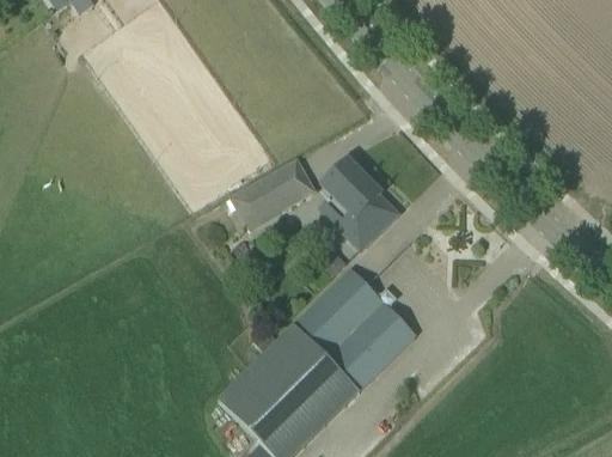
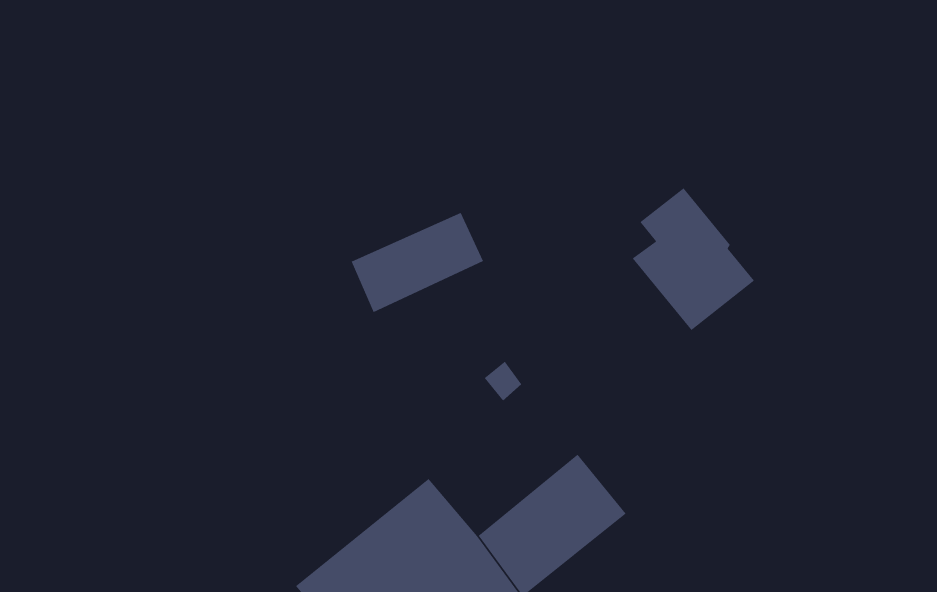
building: [320,159,397,246] -> [632,188,755,331]
building: [293,267,382,357] -> none

